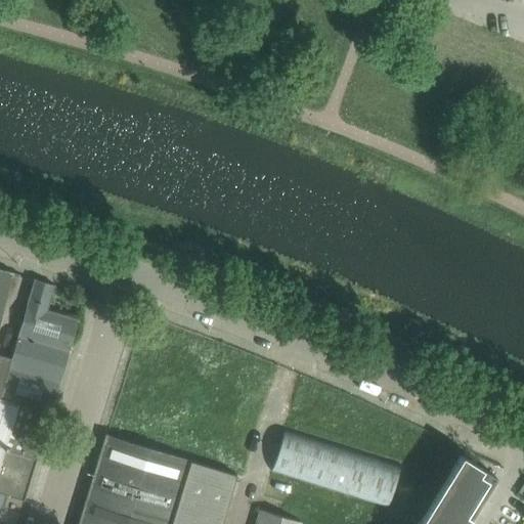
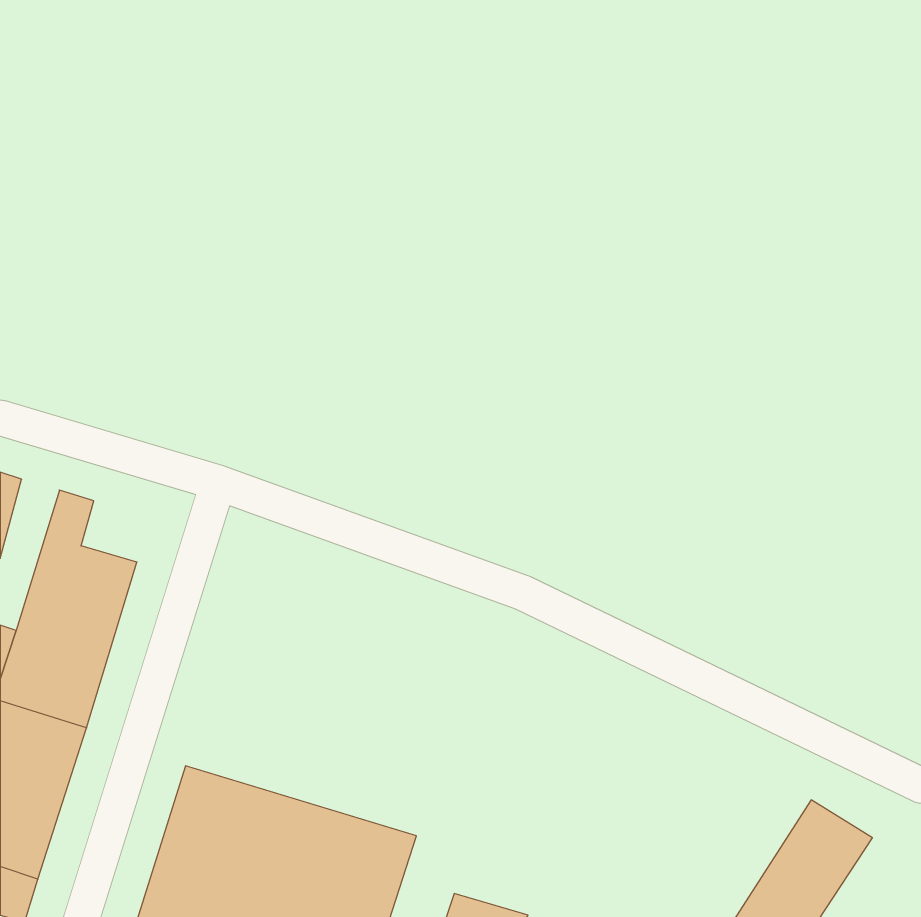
building: [271,430,400,510] -> none

